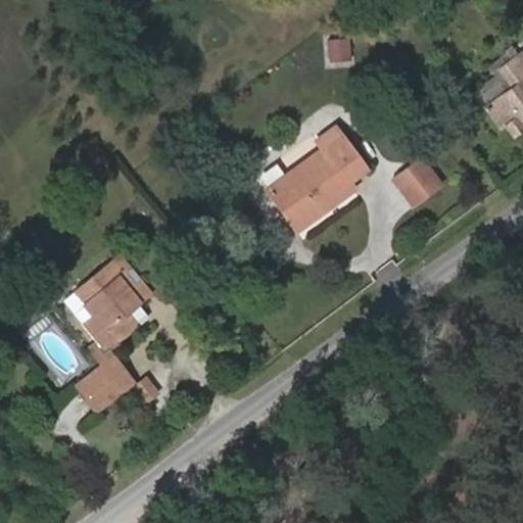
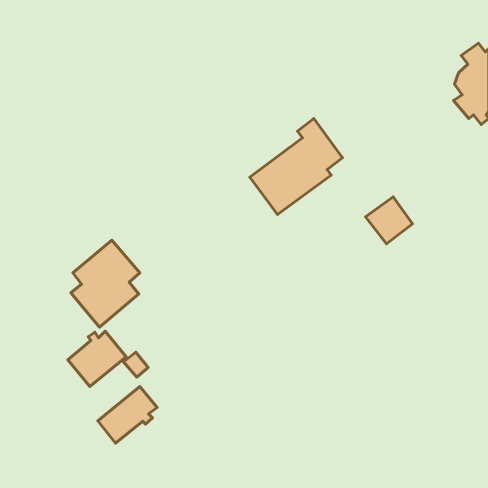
building: [390,154,440,204] -> [366,197,412,244]
building: none -> [98,386,157,443]

